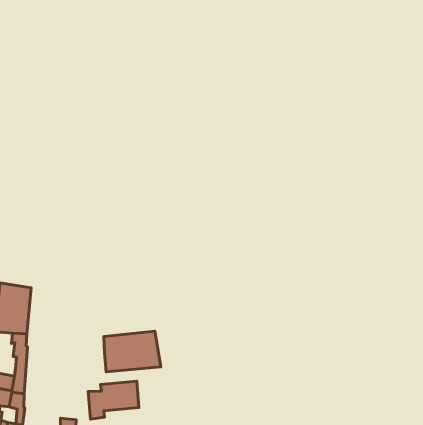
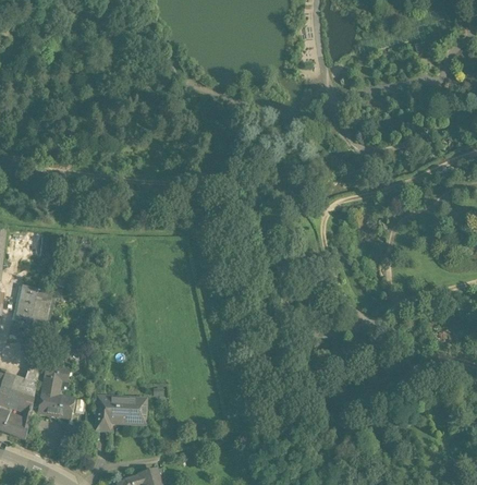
building: [104,331,161,372] -> none
building: none -> [38,366,72,417]

